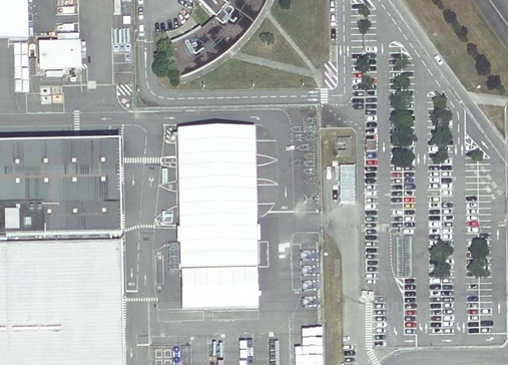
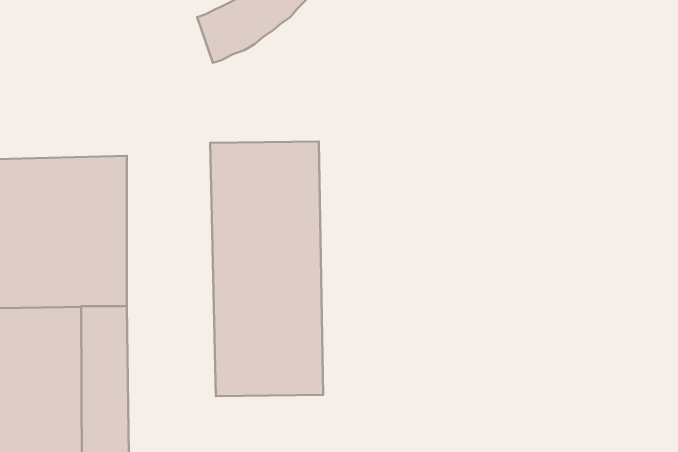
building: [39,41,80,68] -> none

